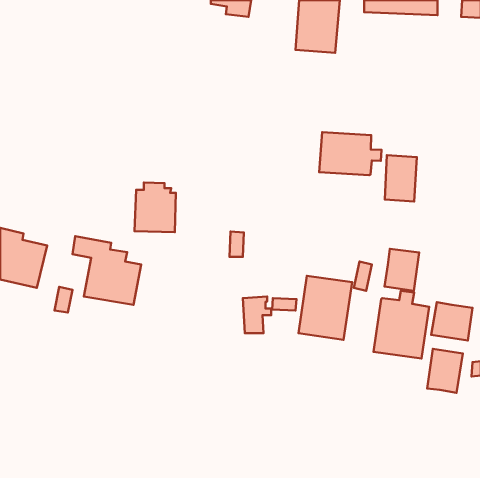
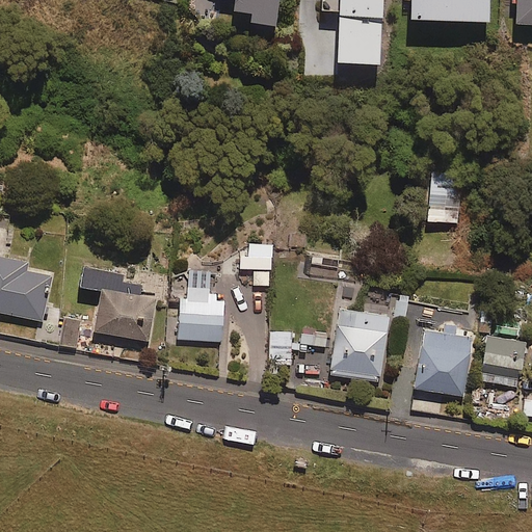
building: [319,132,381,175] -> none
building: [134,182,176,232] -> [178,288,223,343]
building: [385,249,419,291] -> none
building: [427,349,463,393] -> none

